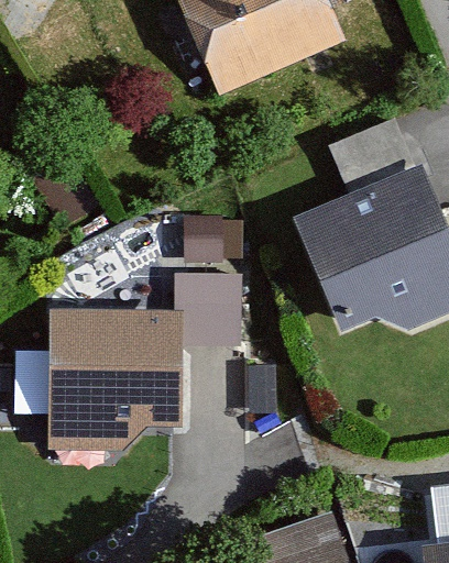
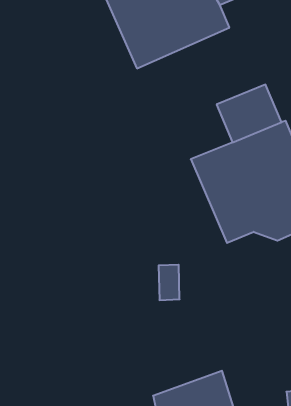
building: [48,311,183,452] -> none

